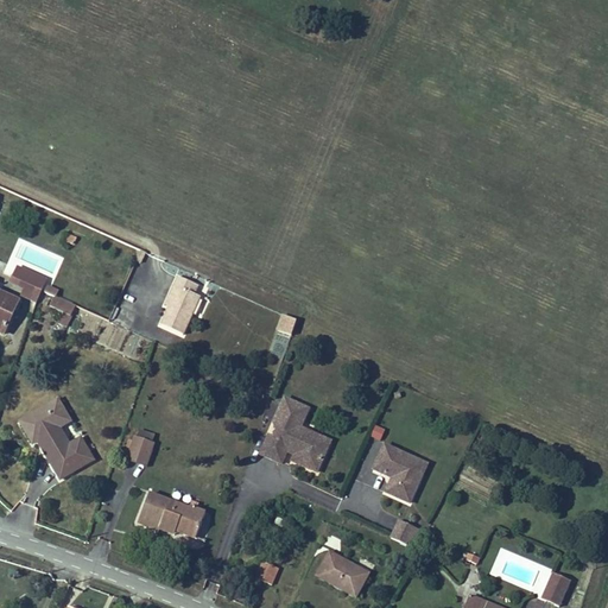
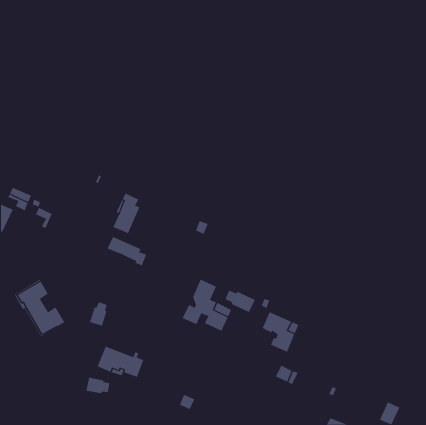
building: none -> [107,236,147,266]
building: none -> [225,290,256,313]
building: none -> [86,377,110,394]
building: [317,551,367,594] -> none

